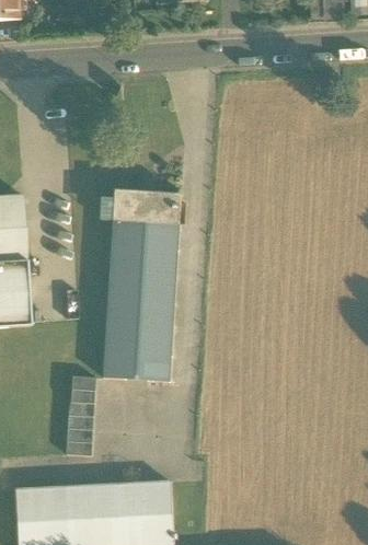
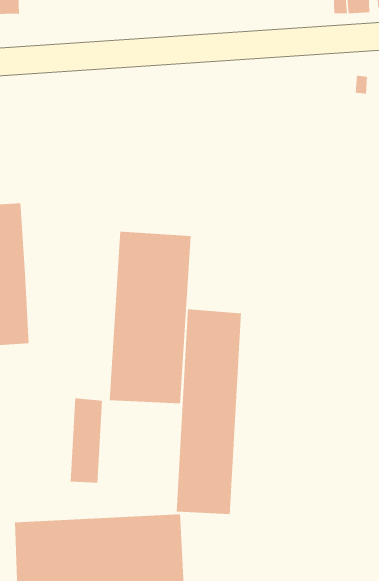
building: [113,189,182,223] -> none
building: none -> [176,309,242,515]

